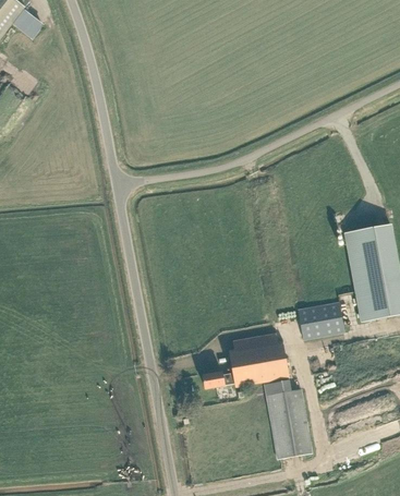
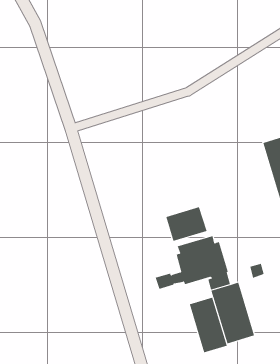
building: [299,300,346,337] -> [166,207,208,241]
building: none -> [189,297,227,353]

